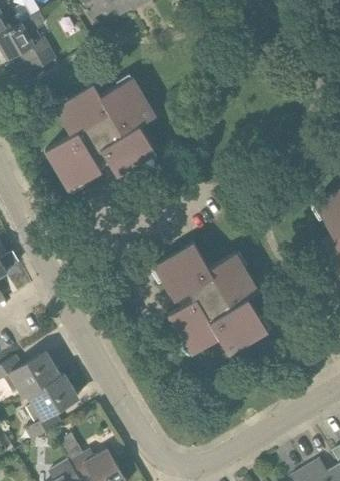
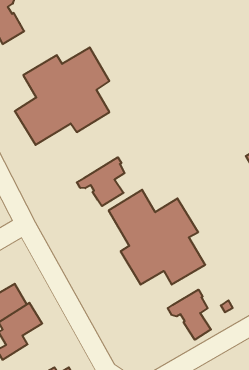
building: none -> [77,157,125,206]
building: none -> [168,290,211,340]

